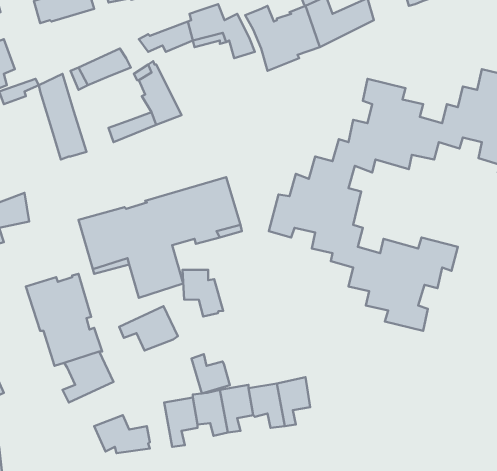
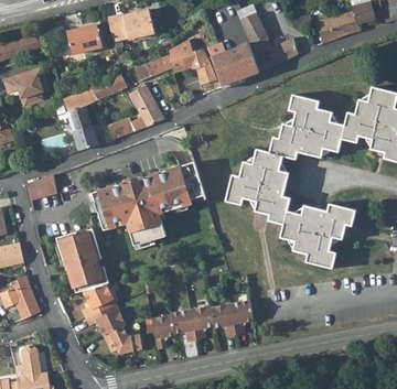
building: [182,270,223,316] -> none
building: [119,306,178,350] -> [85,304,126,335]
building: [192,354,230,393] -> none

